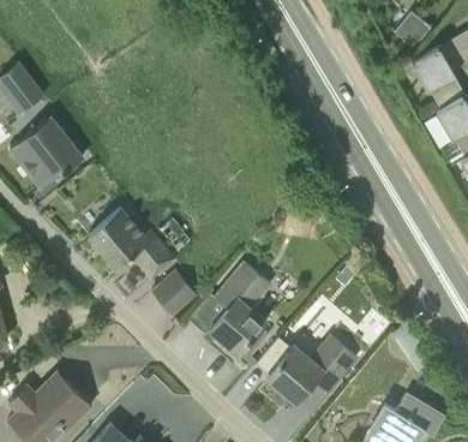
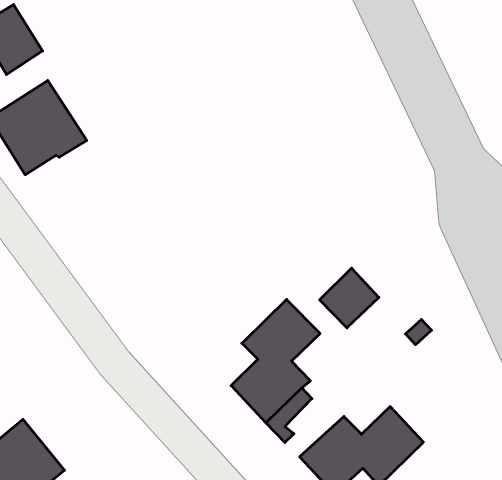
building: [90,209,176,280] -> none
building: none -> [320,268,379,328]
building: [151,271,197,316] -> none

